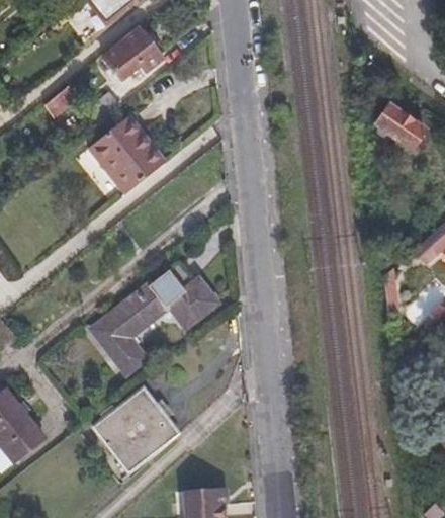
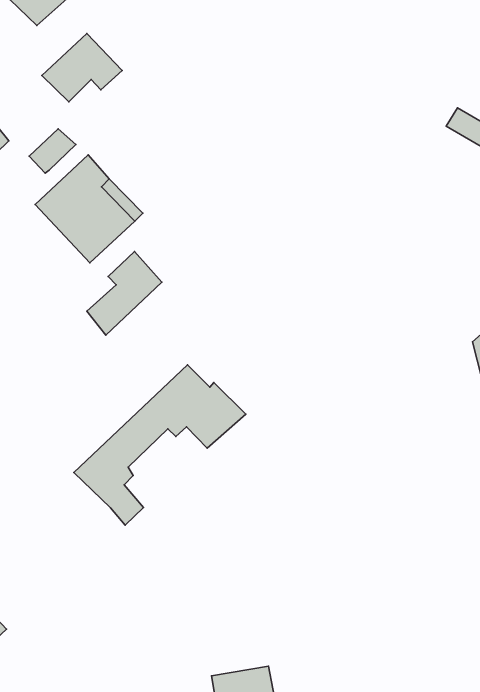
building: none -> [87,252,162,335]
building: [89,381,175,467] -> none

